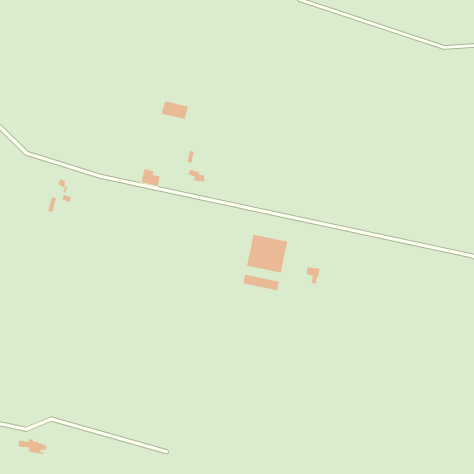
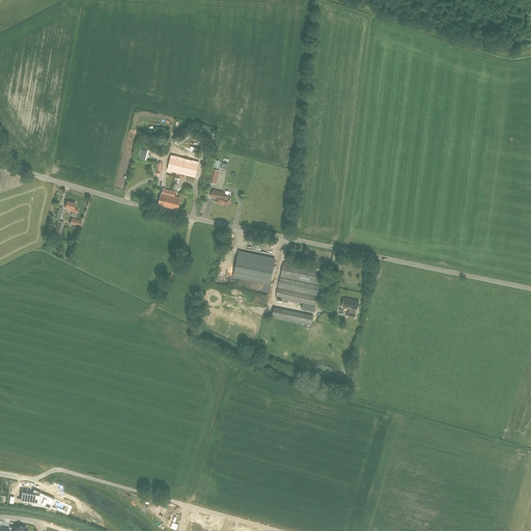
building: [161,101,189,119] -> [167,155,198,175]
building: none -> [232,255,273,283]

